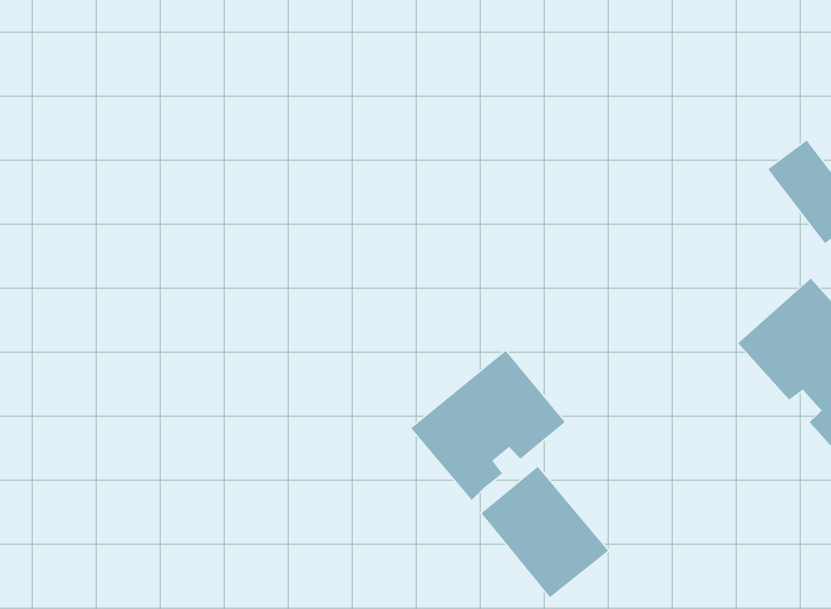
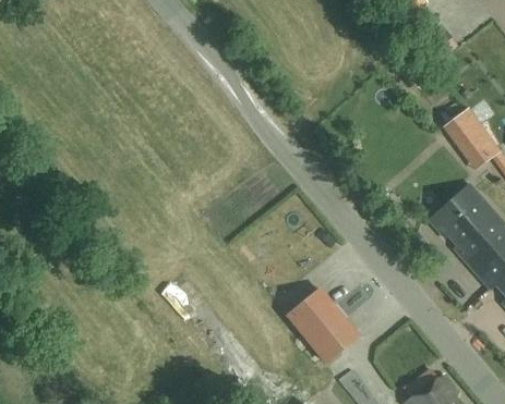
building: [410,350,566,501] -> none

